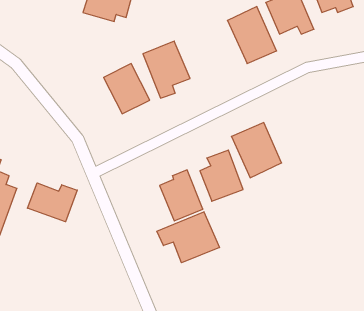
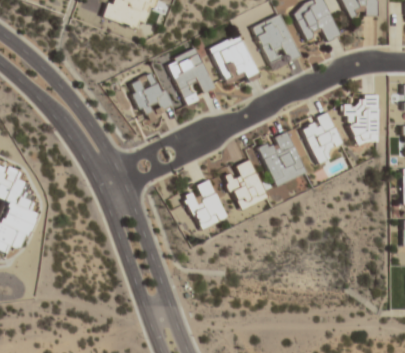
building: none -> [210,33,259,89]
building: none -> [347,94,379,142]
building: none -> [299,111,342,164]
building: [27,183,77,222] -> none
building: [157,212,219,263] -> none

